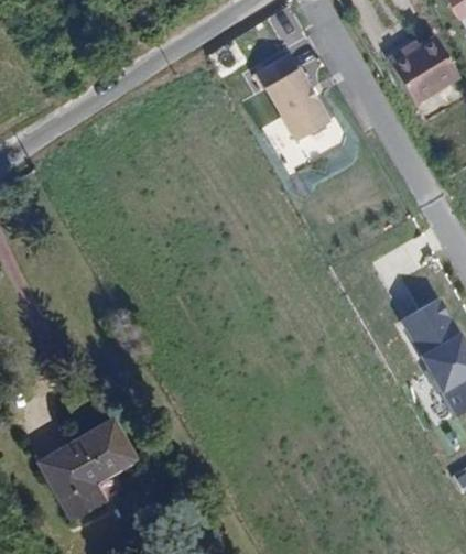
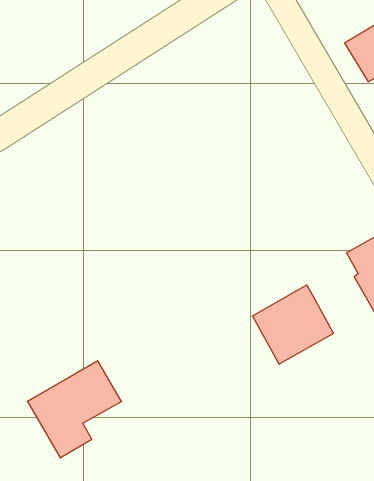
building: [257,51,332,140] -> none
building: none -> [253,285,334,364]

